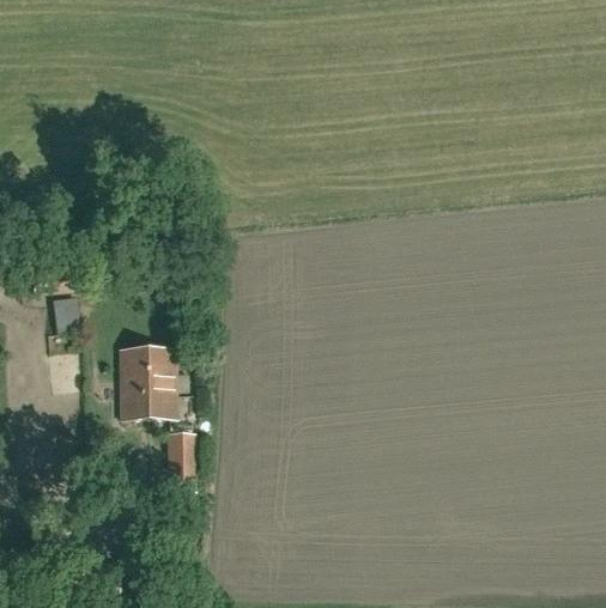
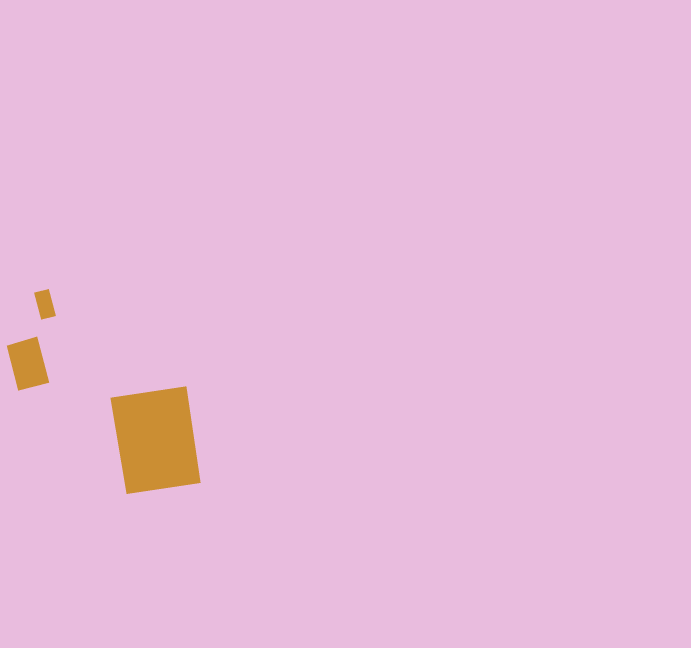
building: [165,431,198,484] -> none

